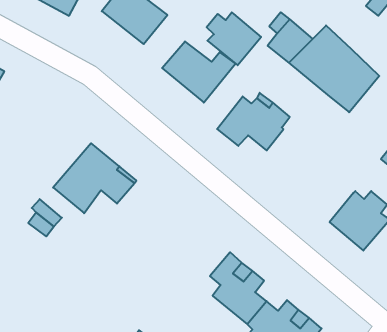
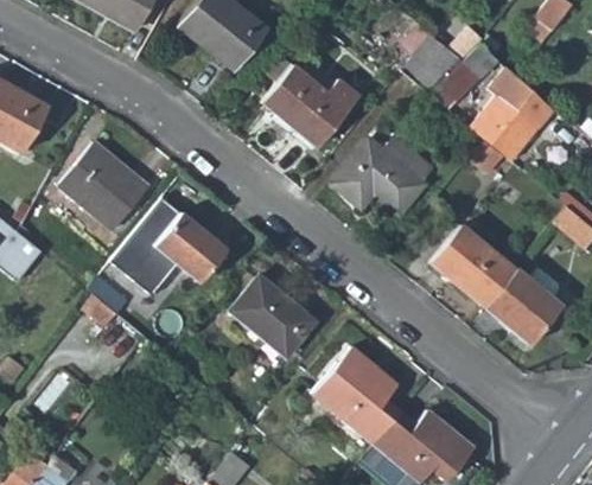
building: [207,12,261,65] -> none
building: none -> [61,142,151,229]
building: none -> [433,225,517,307]
building: none -> [231,275,314,355]

